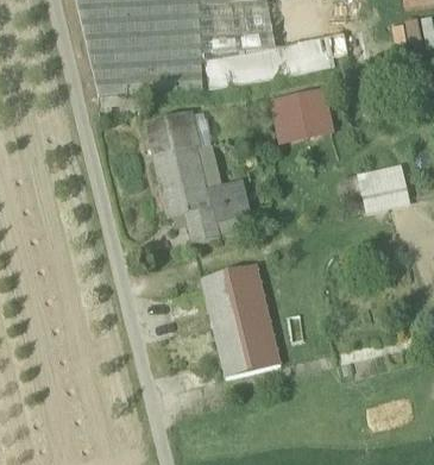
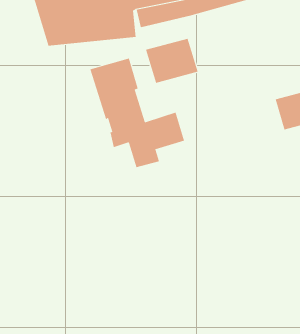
building: [272,90,333,142] -> [145,38,198,84]
building: [201,262,281,373] -> none

